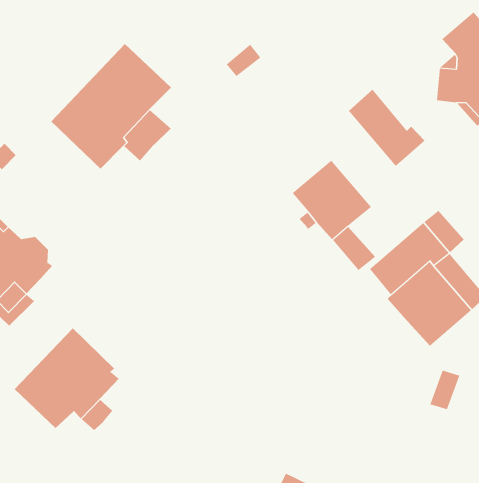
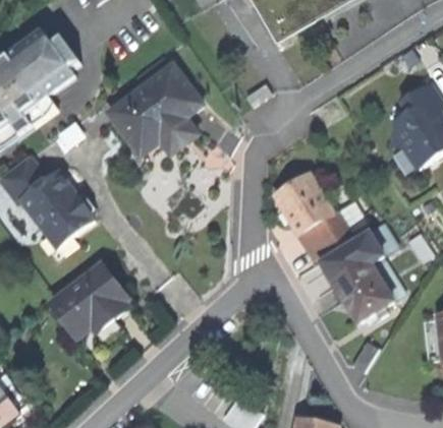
building: [348,89,426,167] -> none
building: none -> [312,209,350,249]

